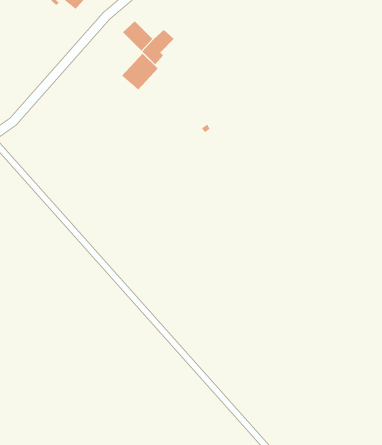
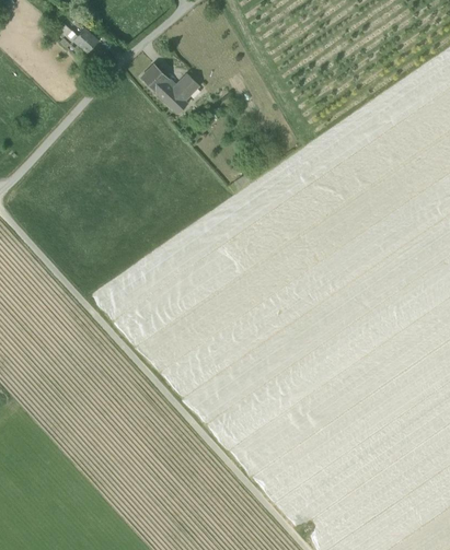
building: [121,53,158,90] -> none

